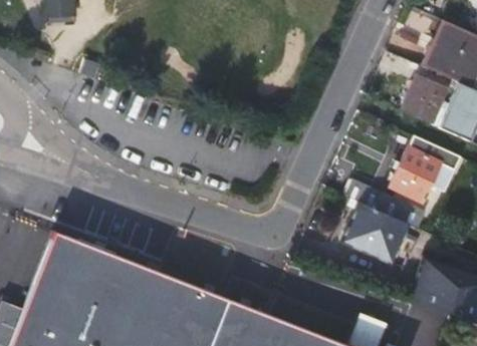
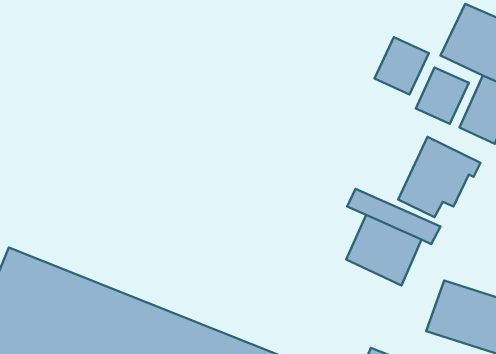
building: none -> [375,37,429,95]

